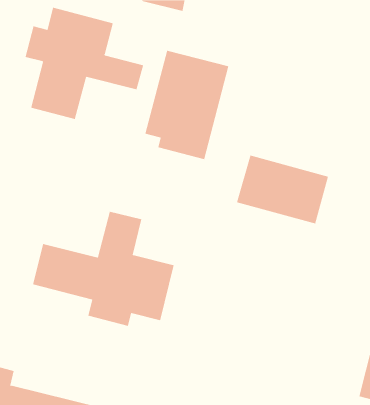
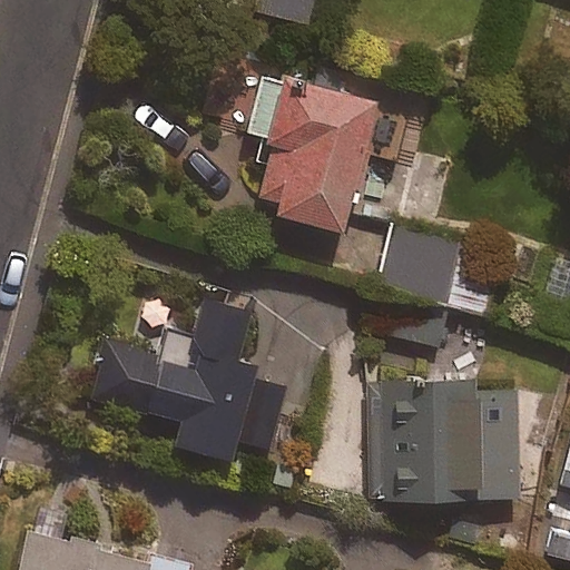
building: [25,7,144,120] -> none
building: none -> [375,386,522,501]

